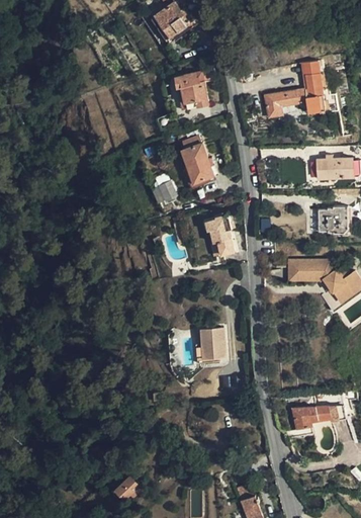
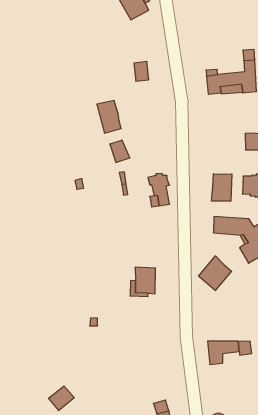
building: [175,71,208,106] -> none
building: [181,144,212,183] -> [97,101,121,133]
building: none -> [212,174,232,201]
building: none -> [199,256,232,291]

